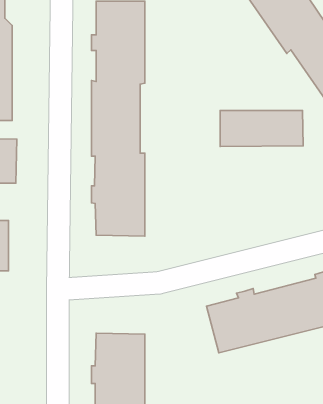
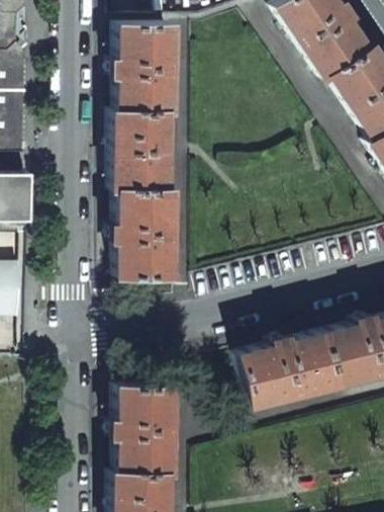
building: [220,111,303,147] -> none

